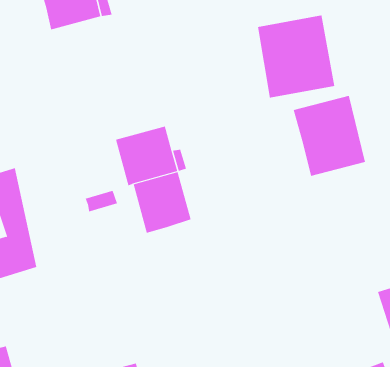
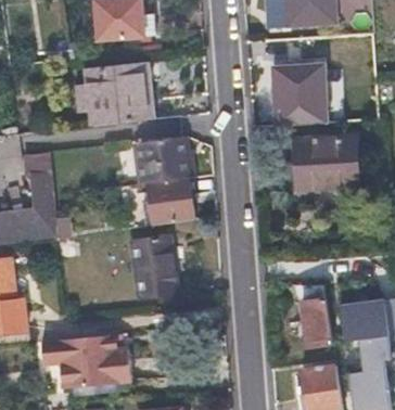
building: none -> [89,64,154,124]
building: none -> [128,235,175,295]
building: none -> [289,282,329,346]

